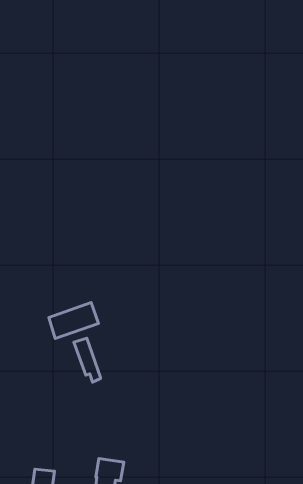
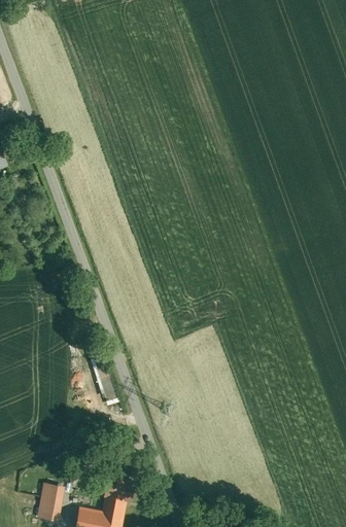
building: [49,303,99,339] -> none

